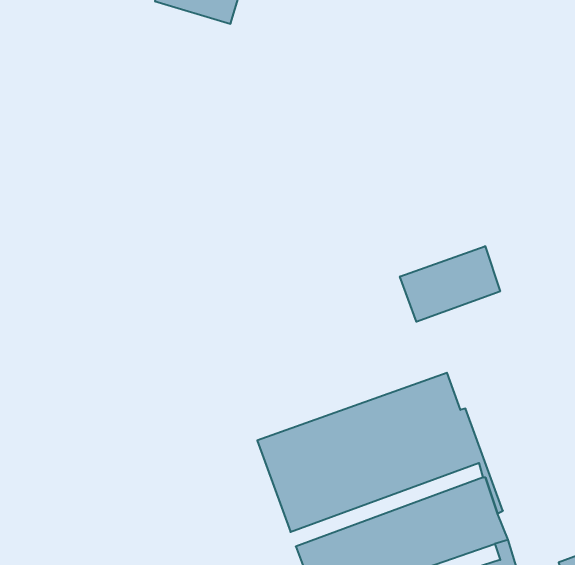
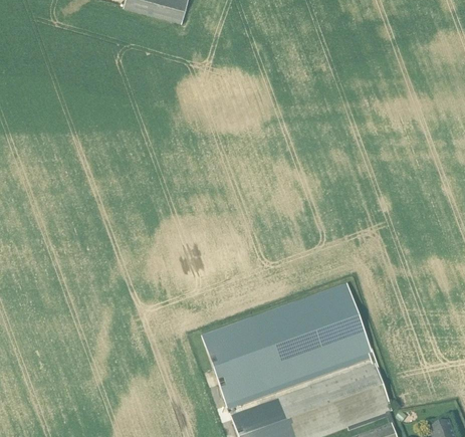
building: [400,246,500,322] -> none

